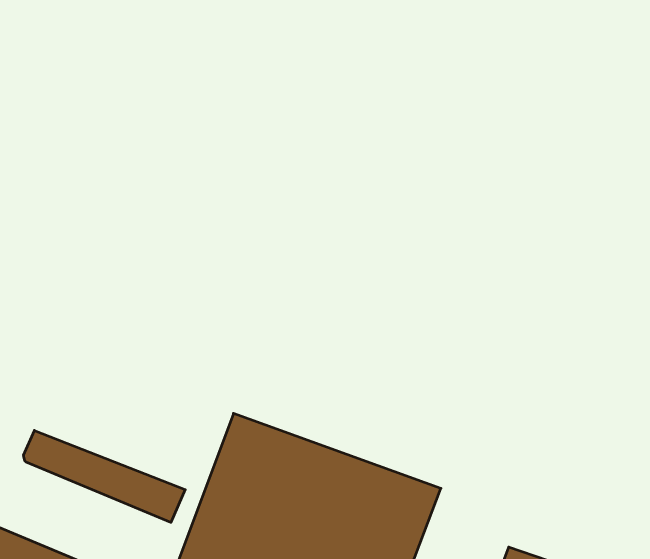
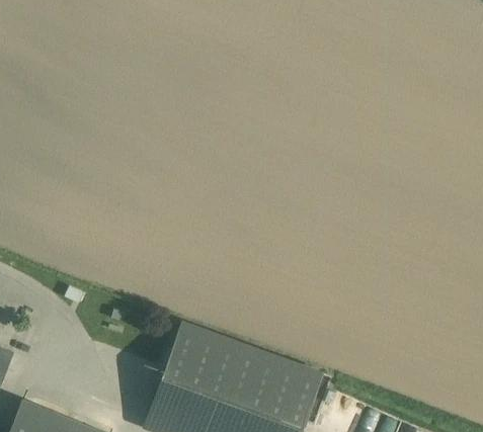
building: [24,430,185,522] -> none

